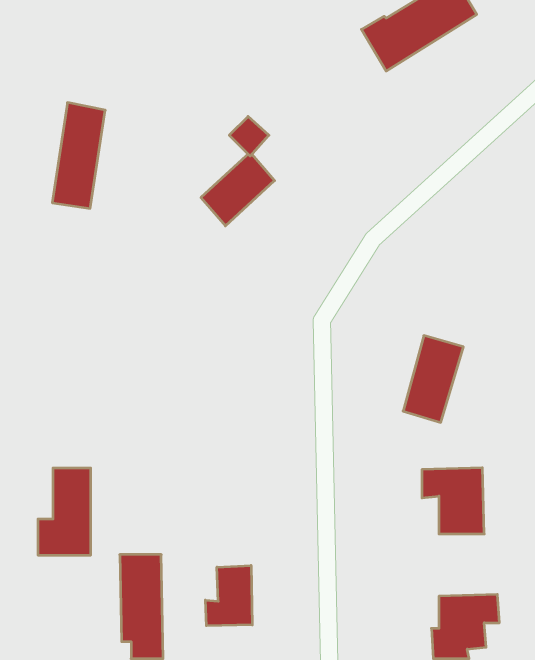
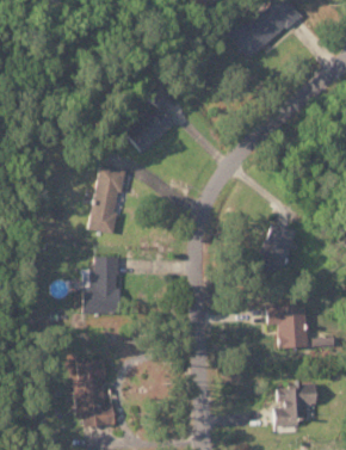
building: [52,103,105,208] -> [89,166,123,233]
building: [38,468,91,555] -> [85,255,118,310]
building: [205,565,252,626] -> none

